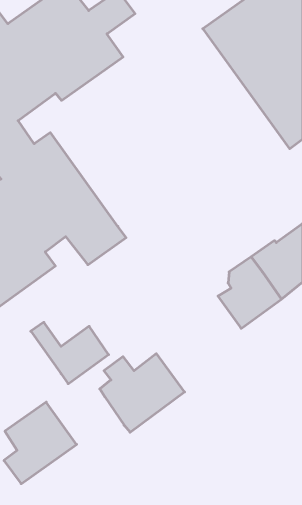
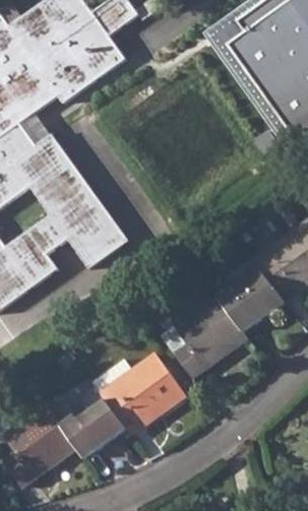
building: none -> [163,296,249,377]
building: [31,322,109,384] -> [48,396,126,458]

